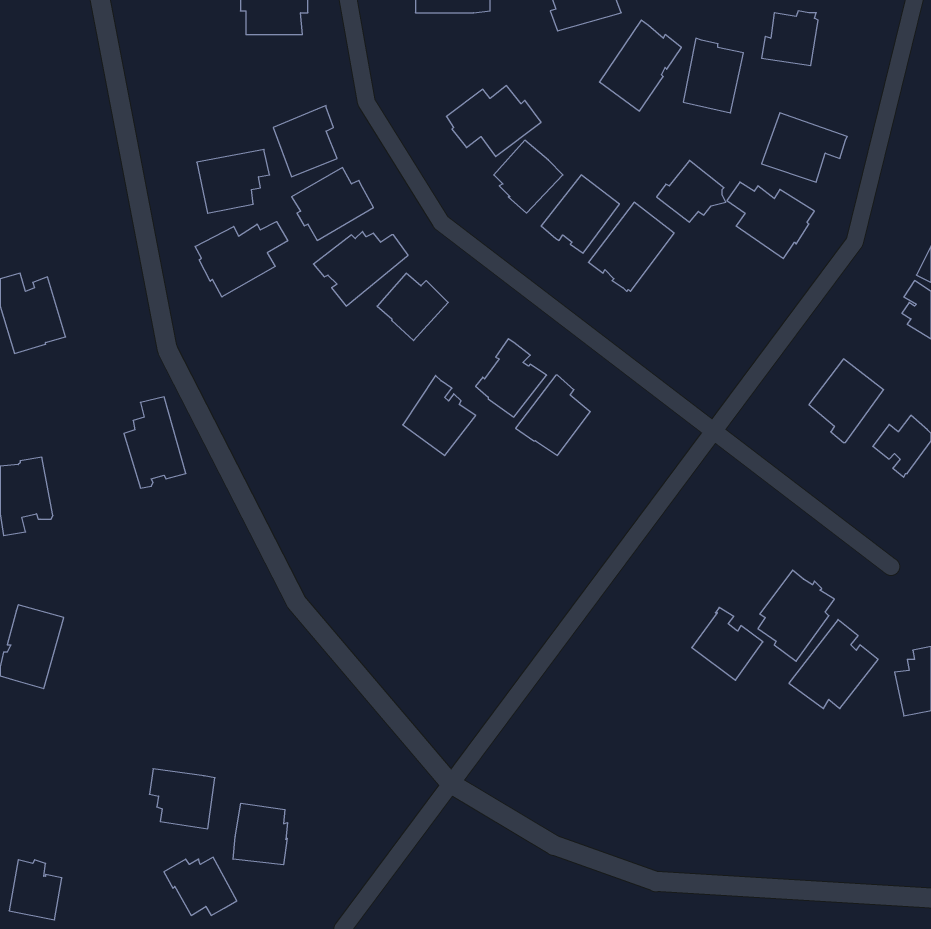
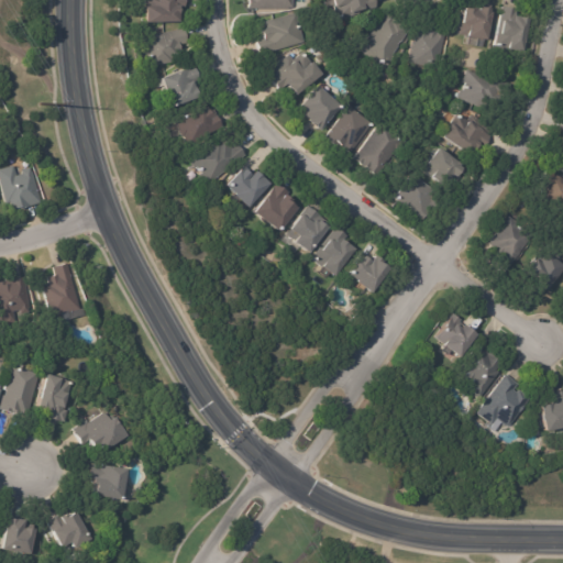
building: none -> [495,5,530,51]
building: none -> [258,12,307,53]
building: [197,149,270,213] -> [144,27,188,66]
building: [657,160,726,222] -> [422,147,464,185]
building: [195,222,288,297] -> none
building: none -> [394,173,443,218]
building: [403,375,476,456] -> [255,181,299,230]
building: [124,397,186,488] -> [42,263,79,318]
building: none -> [345,253,387,291]
building: [692,607,763,680] -> [434,312,477,356]
building: none -> [40,374,71,421]
building: none -> [71,413,128,452]
building: [233,803,287,865] -> none
building: [164,857,237,915] -> [48,514,92,549]

